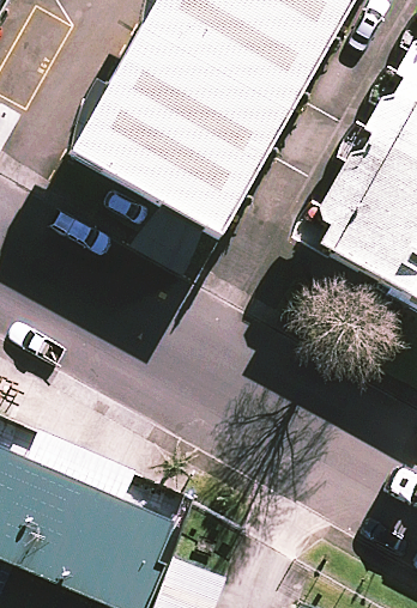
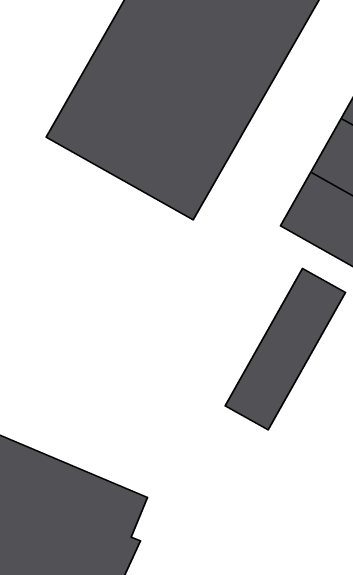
building: none -> [225,268,345,430]

